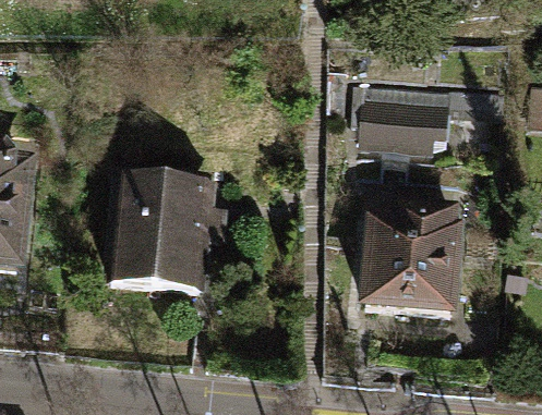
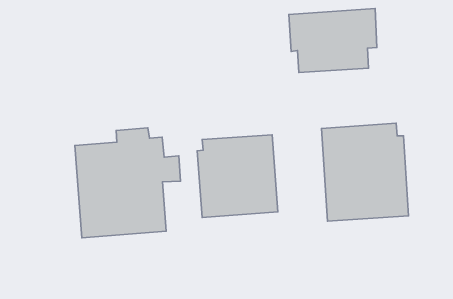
building: none -> [197,135,278,218]

